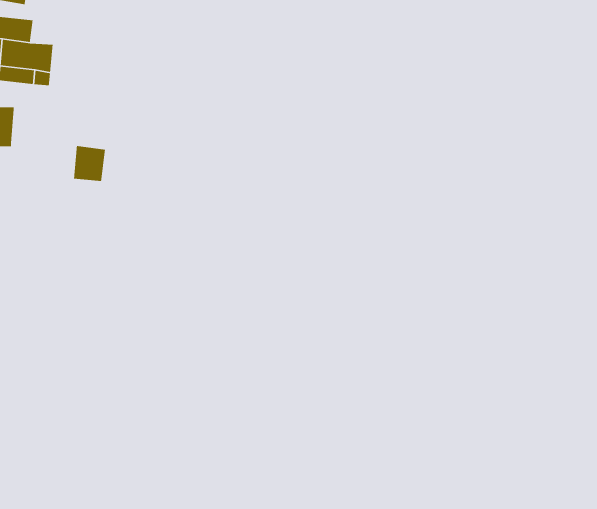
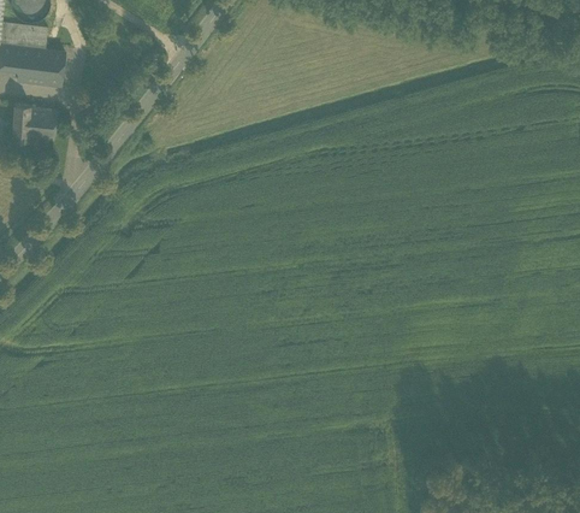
building: [73,145,106,182] -> [26,107,55,140]

